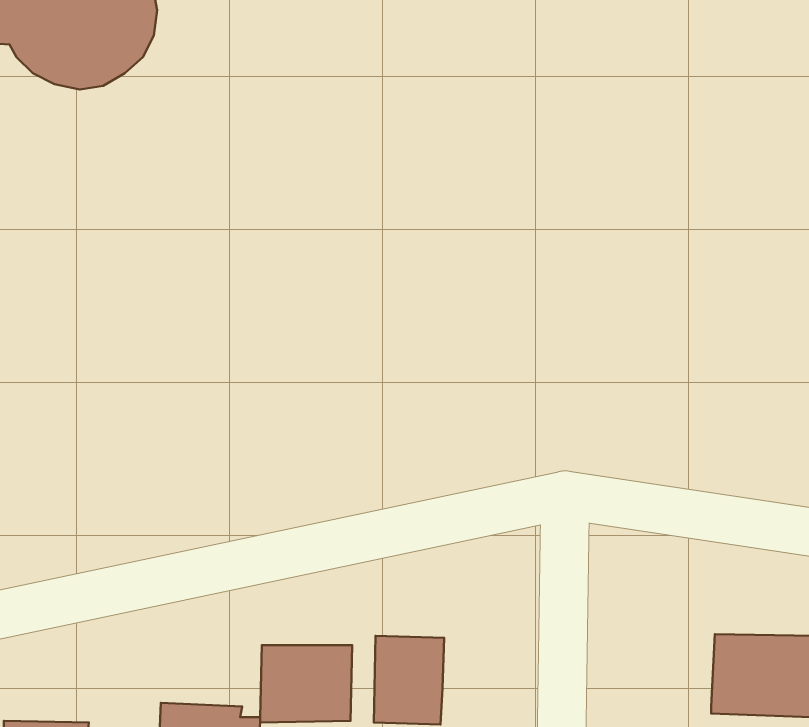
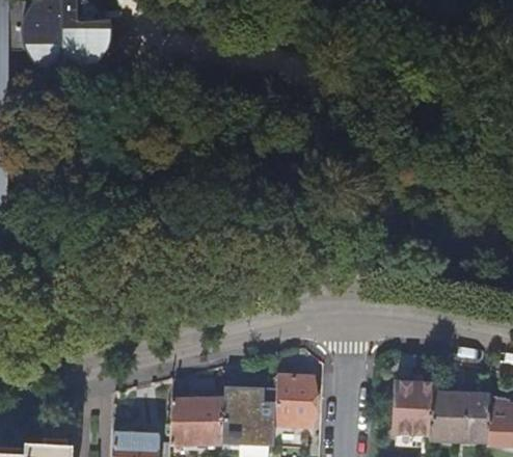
building: none -> [265,375,303,425]
building: none -> [384,382,423,434]

